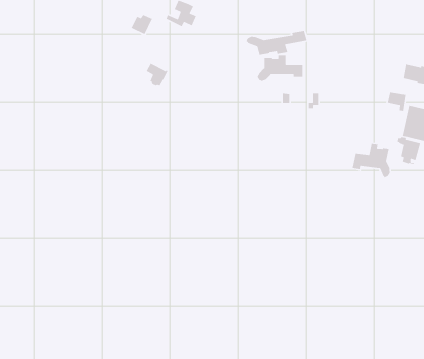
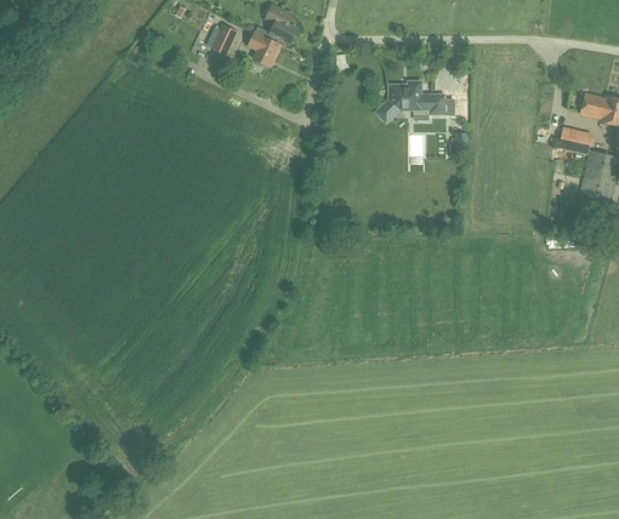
building: [246,30,308,56] -> none
building: [146,63,169,86] -> [249,32,280,64]
building: [352,143,391,178] -> none

